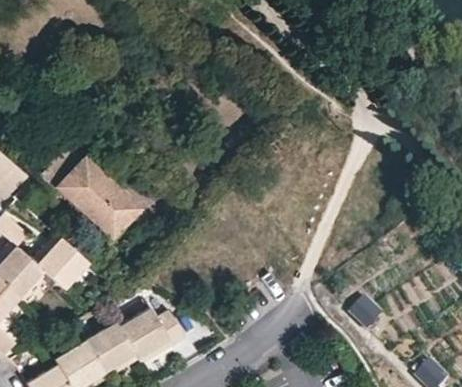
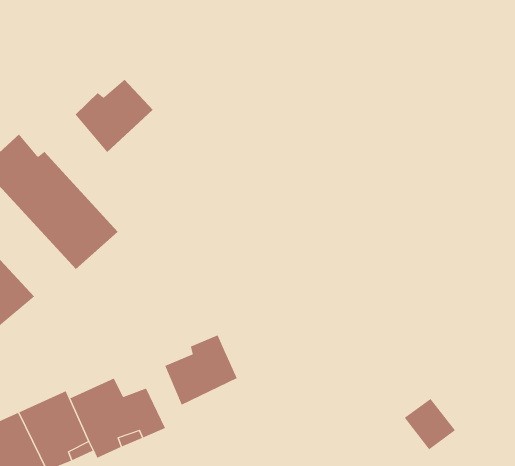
building: none -> [75,79,154,153]
building: none -> [164,334,237,405]

